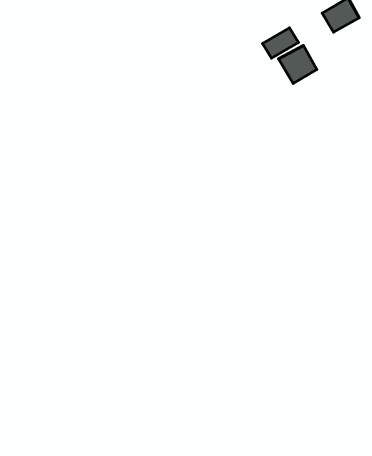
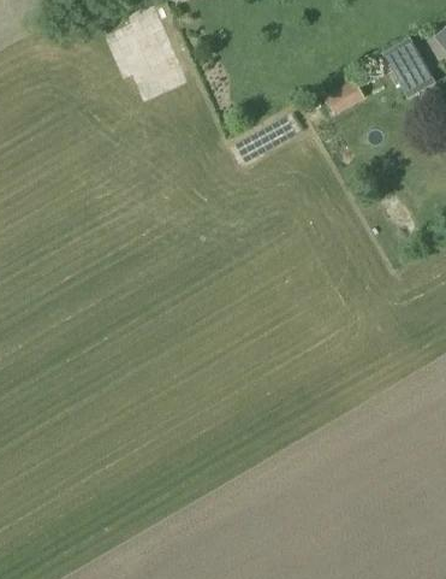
building: [279,46,317,83] -> none

